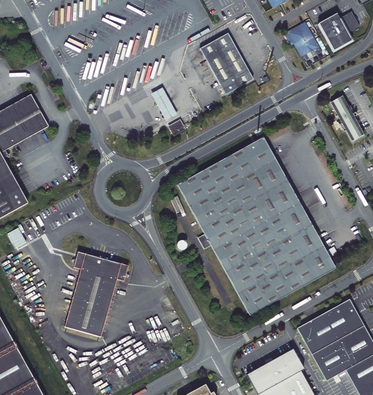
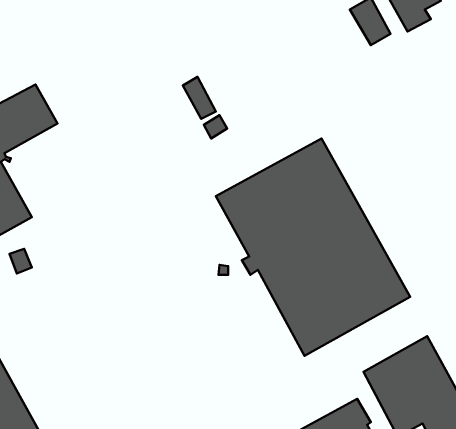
building: [199,33,253,95] -> none
building: [327,93,363,142] -> none
building: [65,250,129,335] -> none

